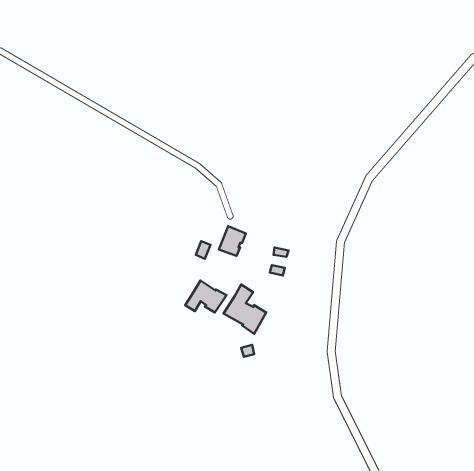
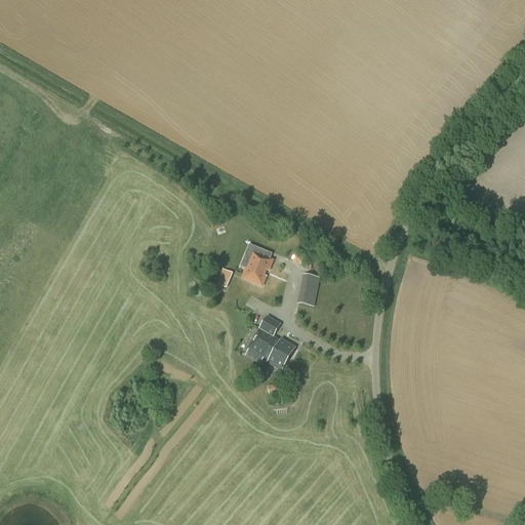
building: [185,280,226,313] -> none

